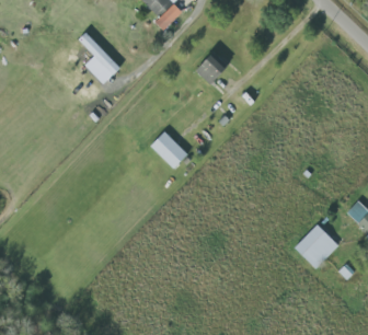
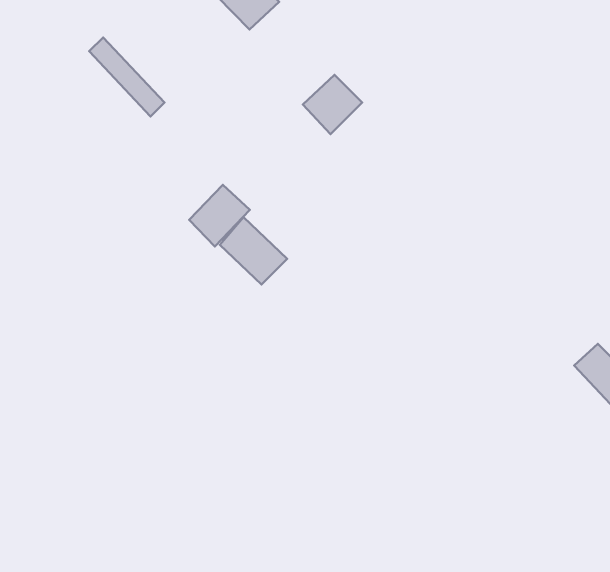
building: none -> [189,185,250,246]
building: [292,223,337,268] -> none

